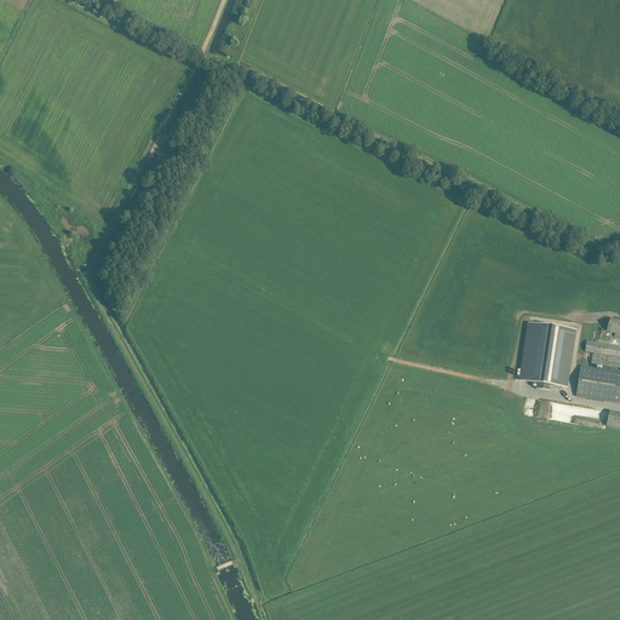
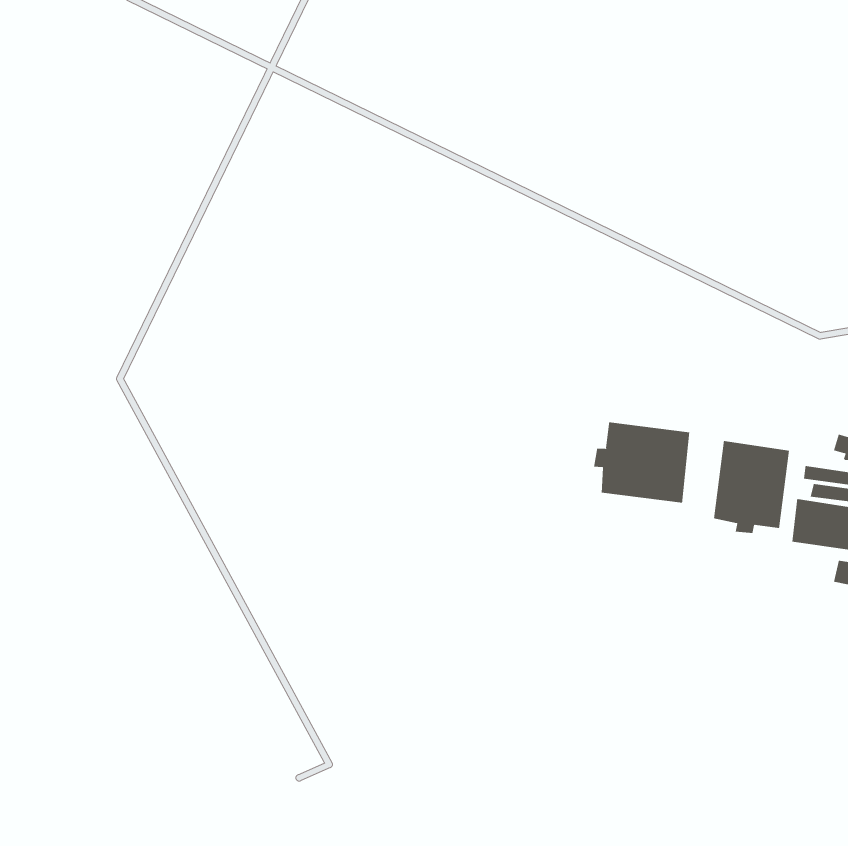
building: none -> [594,422,690,504]

